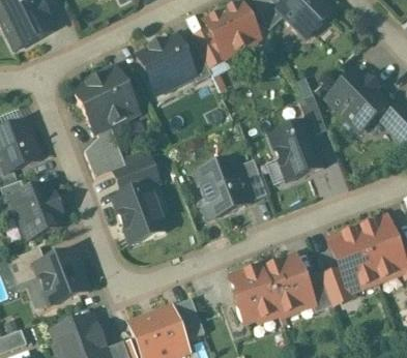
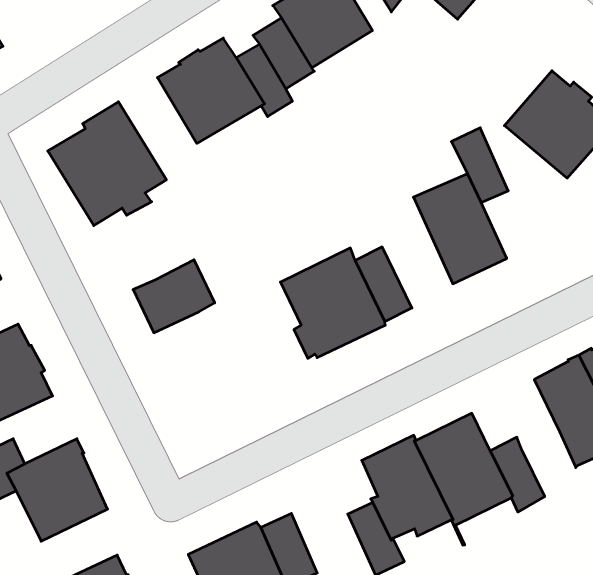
building: [84,124,125,177] -> none
building: [113,185,165,243] -> none
building: [320,269,353,304] -> none

